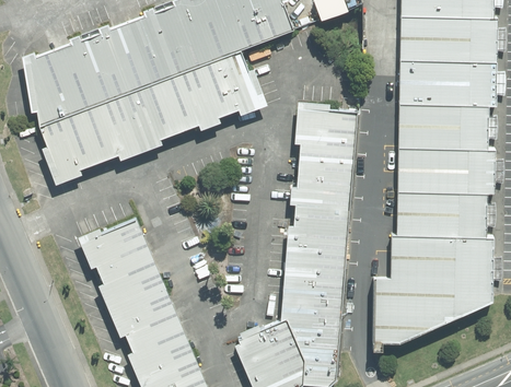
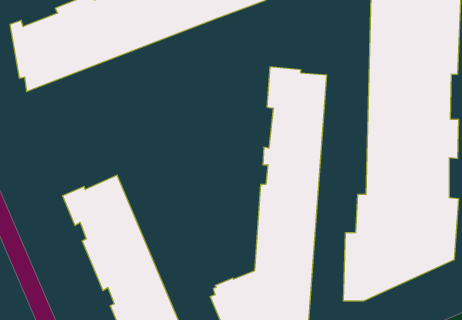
building: [38,49,267,185] -> none

